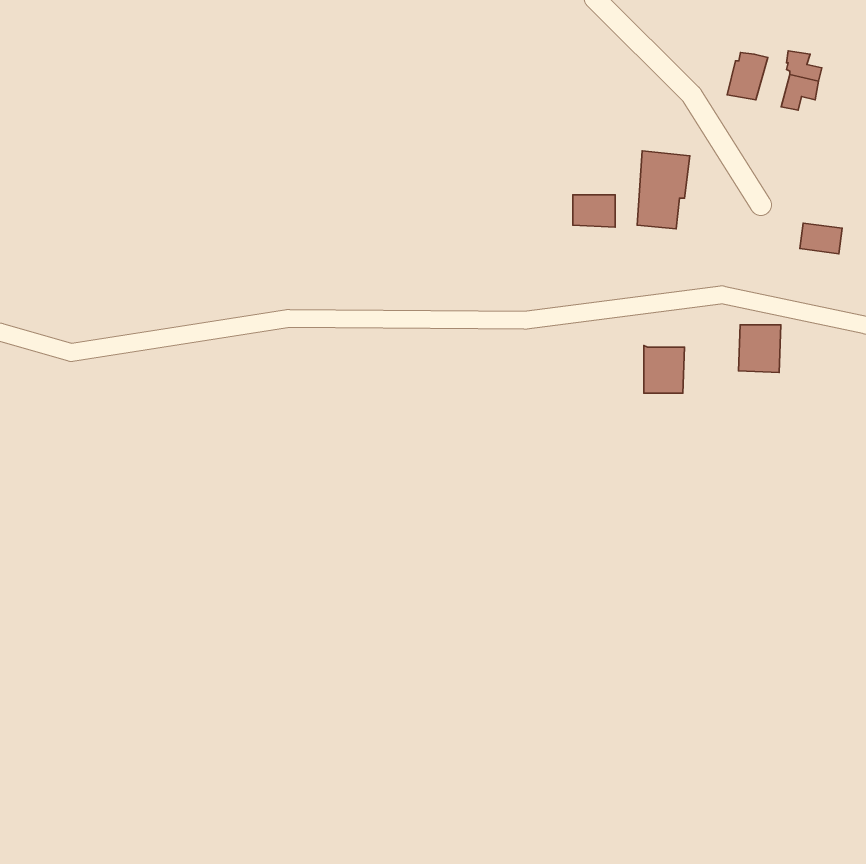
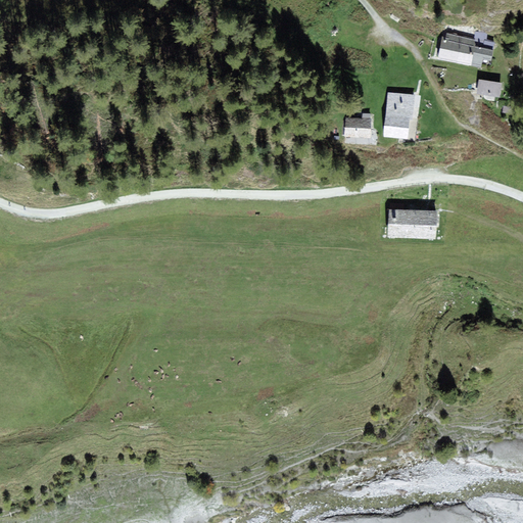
building: none -> [456,35,476,64]
building: [800,223,842,254] -> [477,79,503,97]
building: [738,325,781,372] -> [412,209,437,238]

